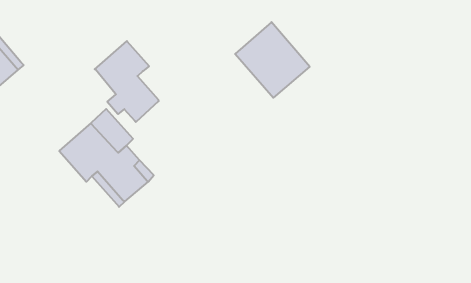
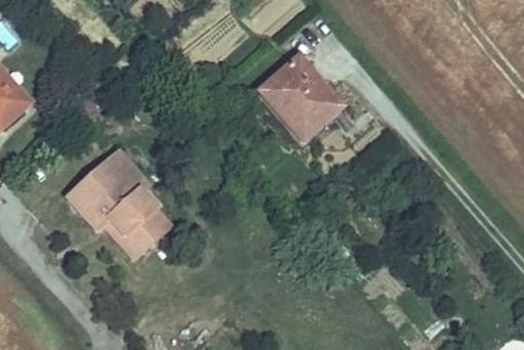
building: [95,41,159,122] -> none

